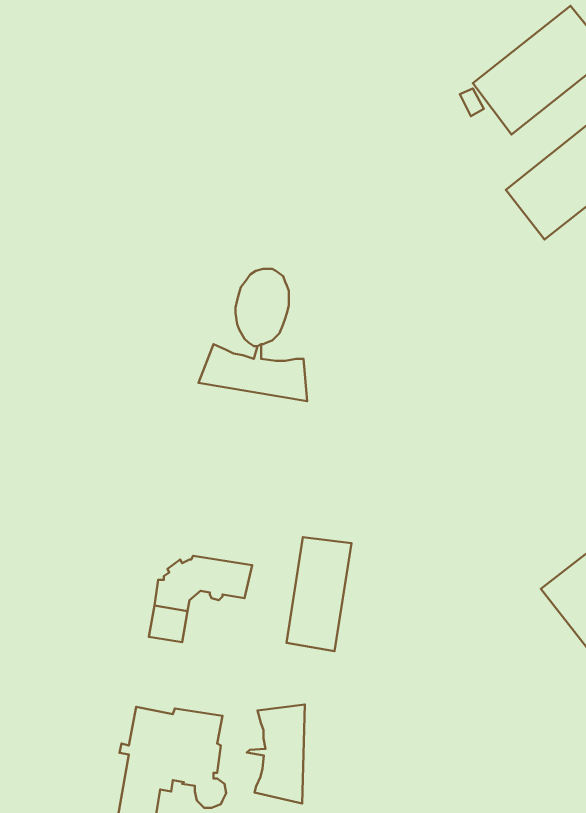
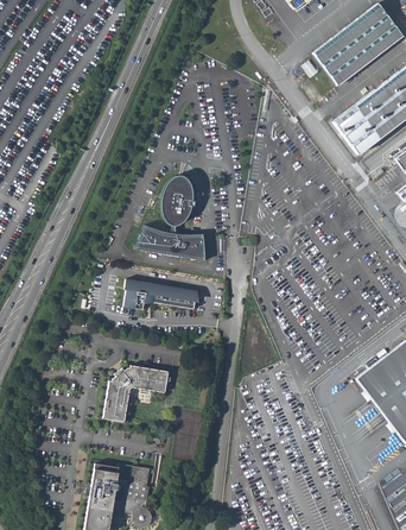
building: none -> [126,279,150,309]
building: none -> [154,284,199,310]
building: [286,537,351,651] -> none
building: [247,705,305,804] -> none

